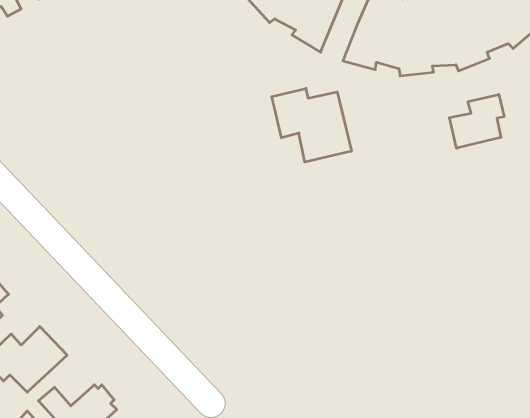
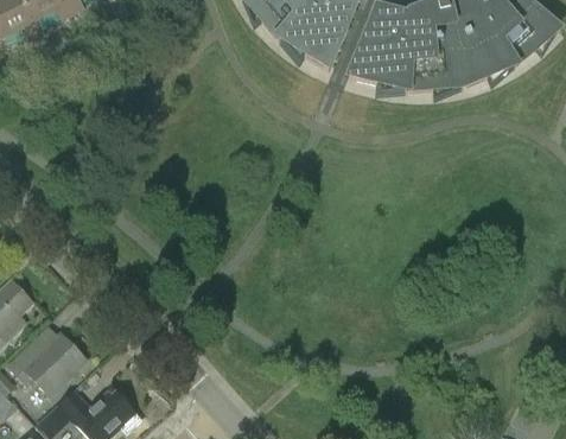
building: [272,88,351,162] -> none
building: [449,94,504,148] -> none

